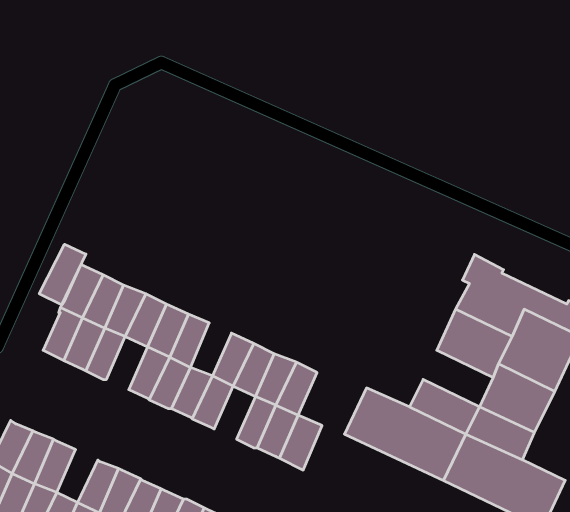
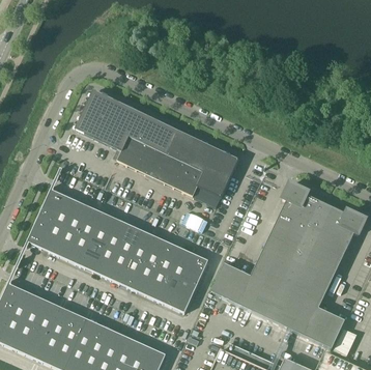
building: none -> [75,90,238,197]
building: [39,244,86,305] -> none
building: none -> [117,224,142,256]
building: none -> [66,232,91,264]
building: none -> [258,240,301,275]
building: none -> [182,254,209,286]
building: none -> [132,262,156,294]
building: none -> [36,301,61,333]

